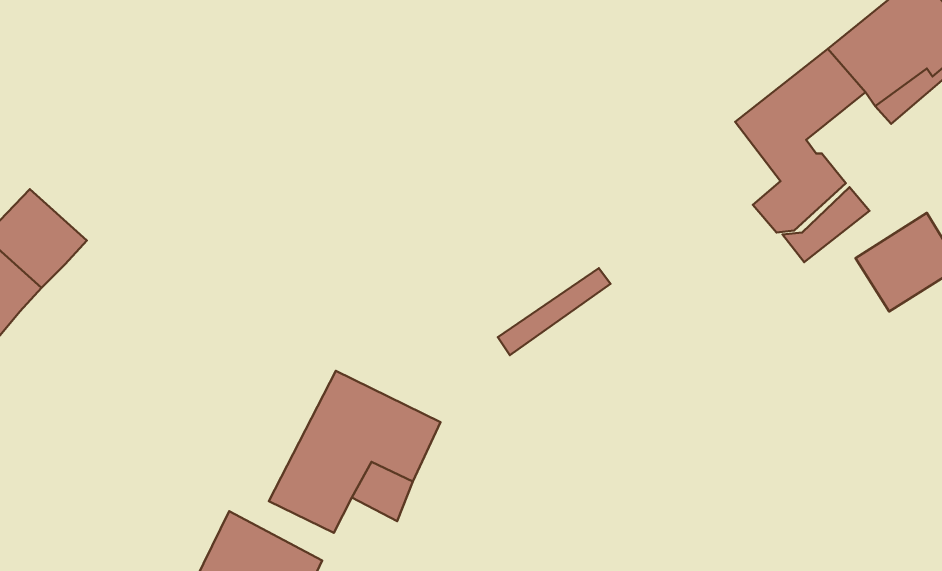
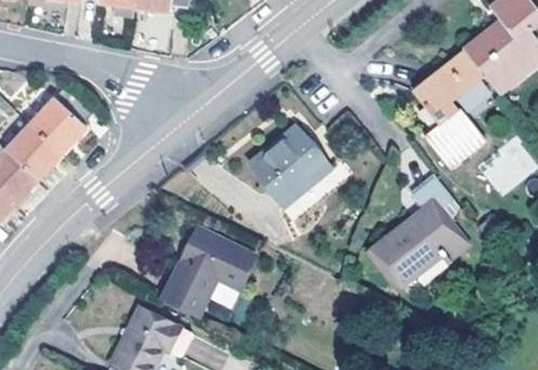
building: none -> [27,90,89,155]
building: none -> [246,125,327,204]
building: none -> [375,174,474,288]

